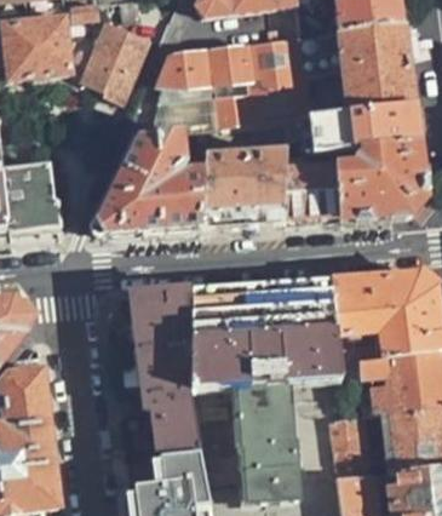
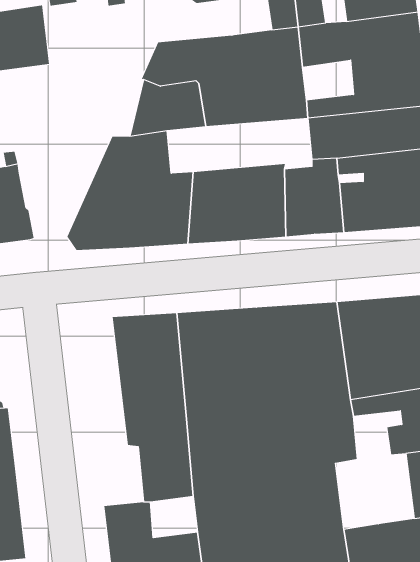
building: [84,22,150,102] -> none
building: [329,417,367,478] -> none
building: [167,449,208,486] -> none

